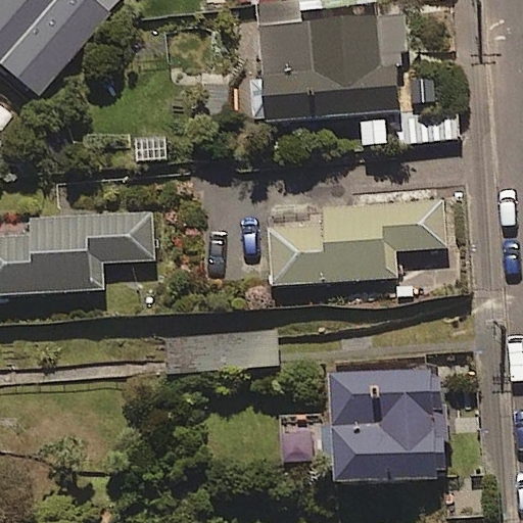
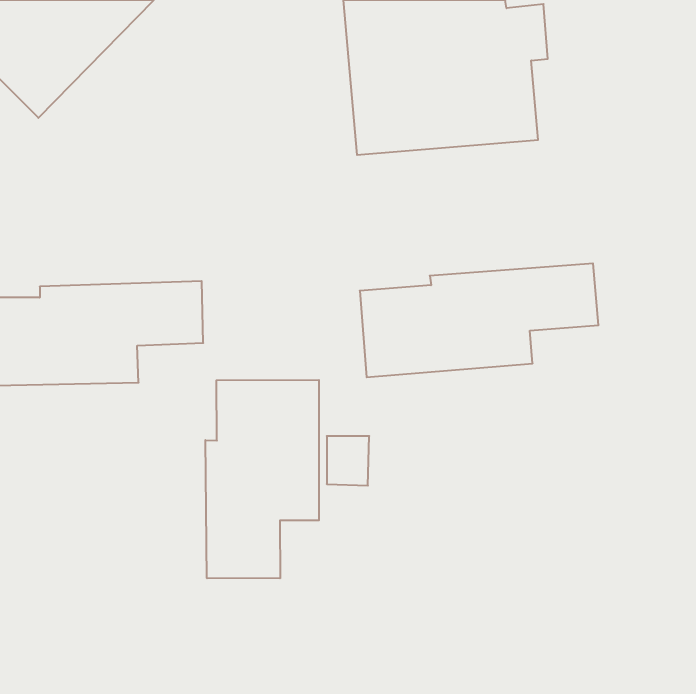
building: none -> [205,380,319,578]
building: [278,365,446,481] -> none

